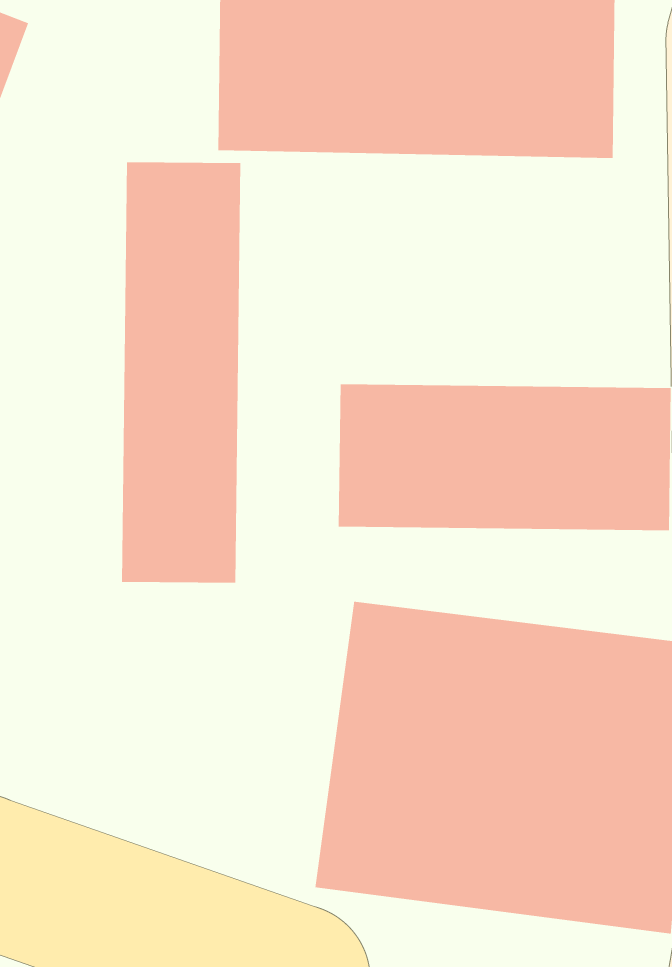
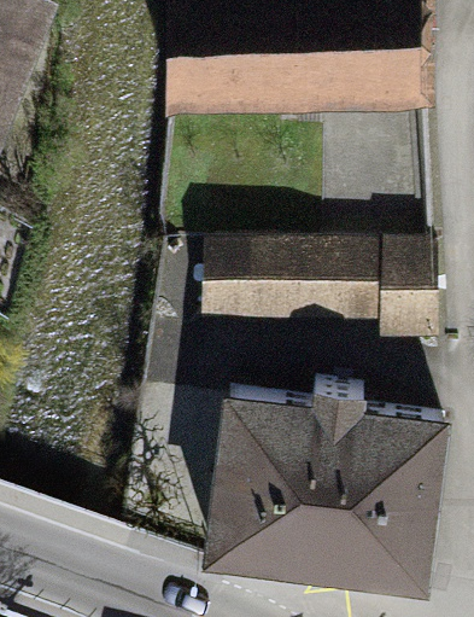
building: [121,162,241,583] -> none

